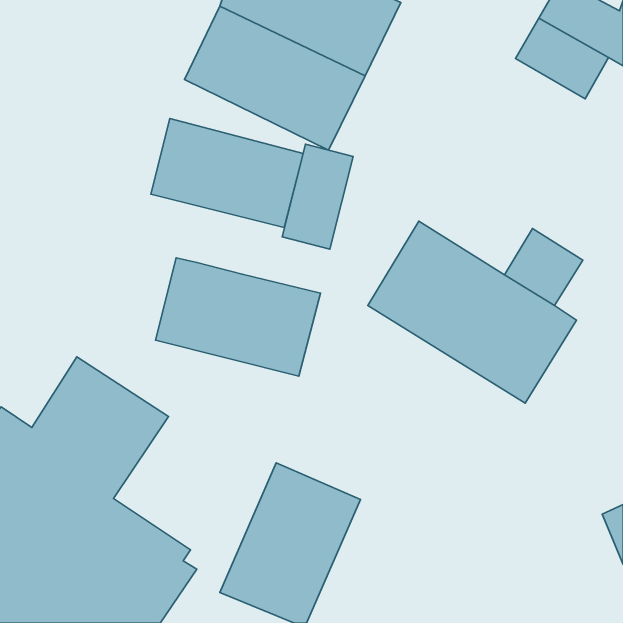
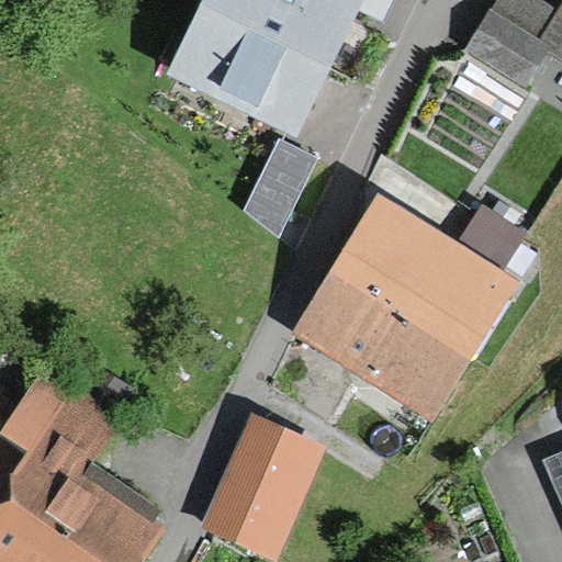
building: [151,119,303,228] -> none
building: [155,258,320,376] -> none
building: none -> [289,274,472,427]

